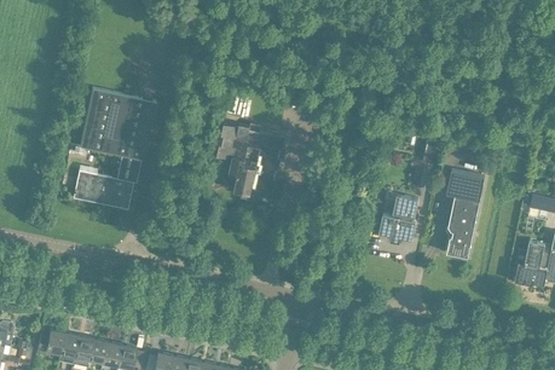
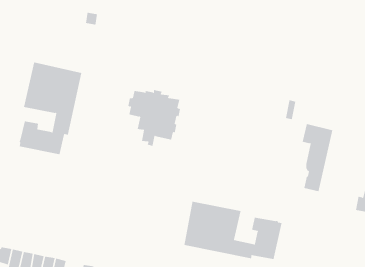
building: [378,195,418,242] -> none
building: none -> [184,201,282,260]

